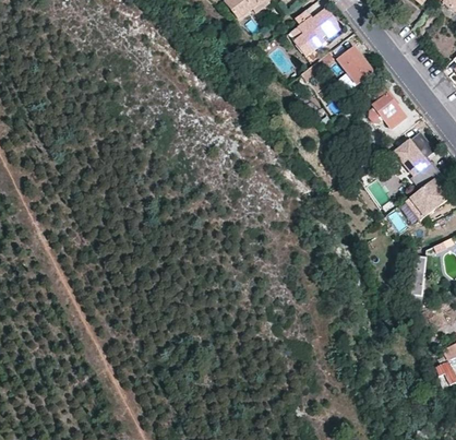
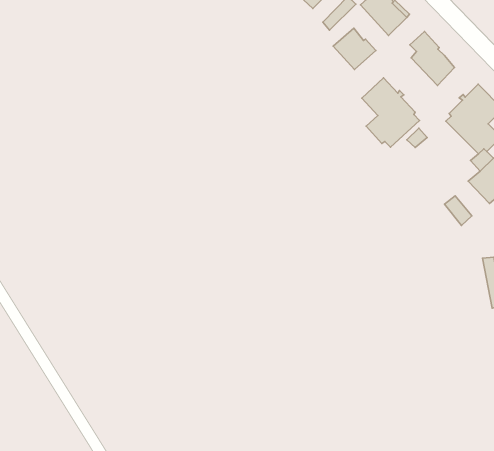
building: none -> [333,28,376,70]
building: none -> [362,78,419,147]

